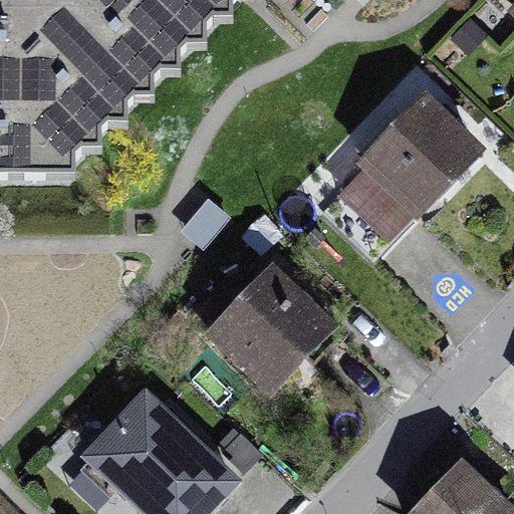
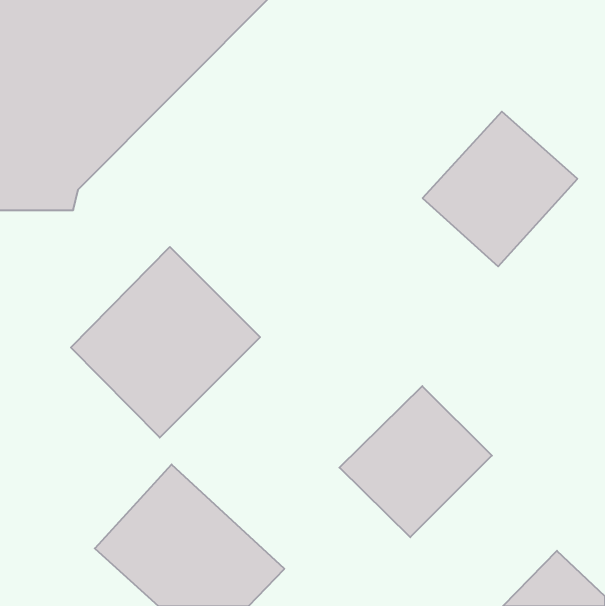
building: none -> [71,247,260,438]
building: [200,272,327,399] -> [339,386,492,537]

